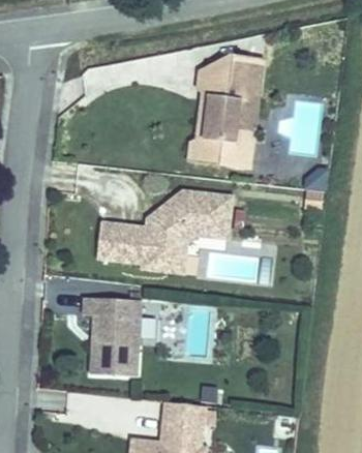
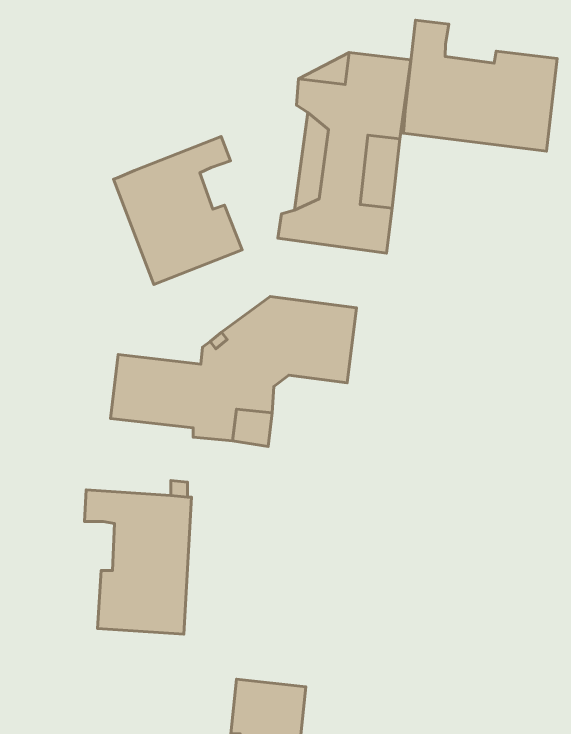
building: none -> [403,20,557,151]
building: none -> [114,137,242,284]

